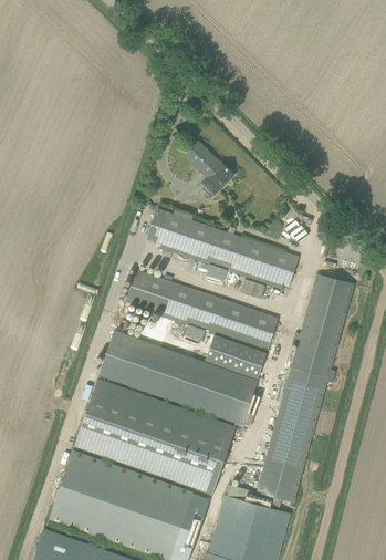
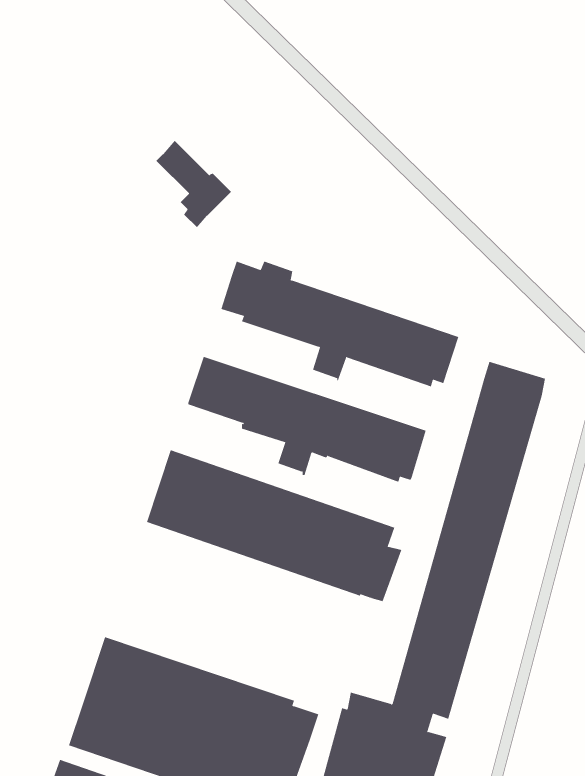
building: [185,142,233,198] -> [156,140,232,228]
building: [206,334,267,378] -> none
building: [74,378,236,495] -> none

